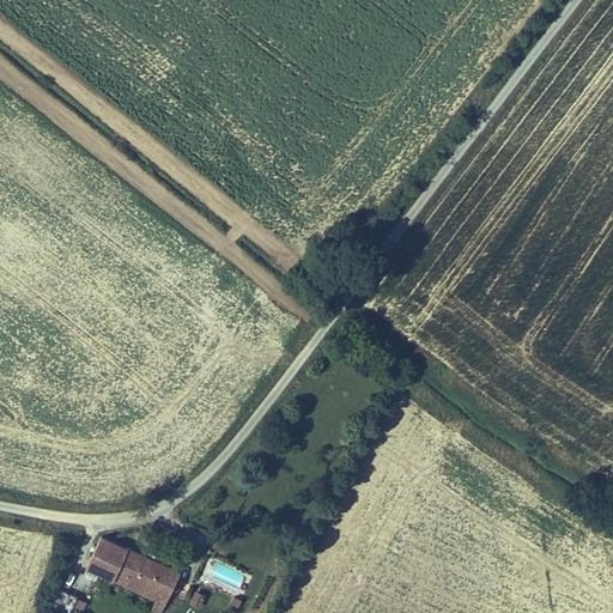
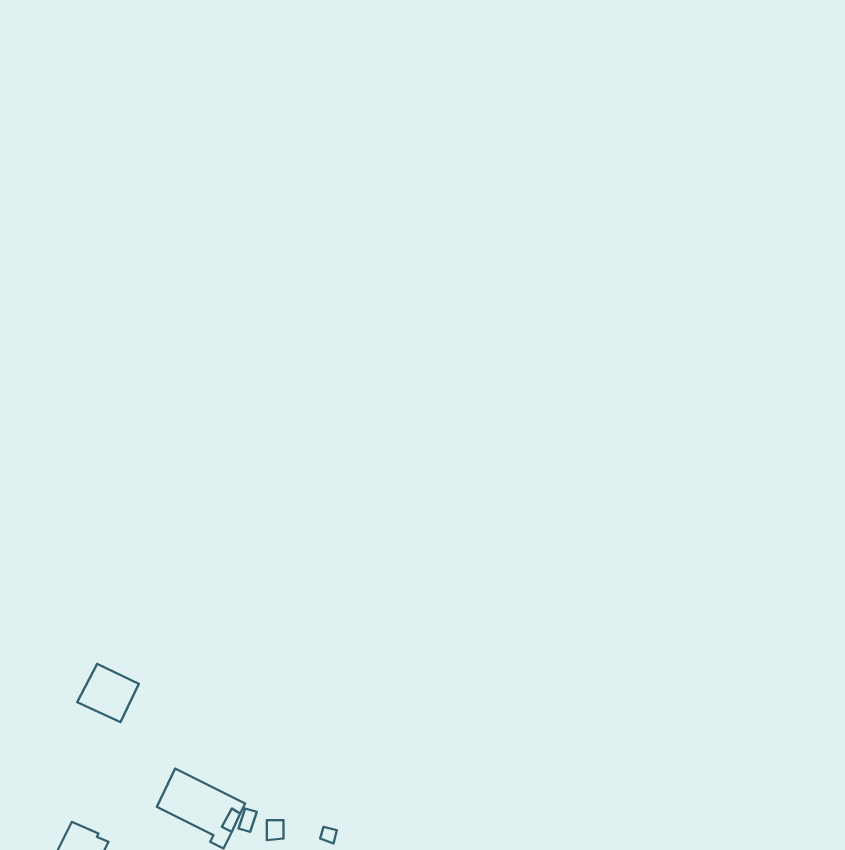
building: [86,539,131,581] -> [77,664,139,722]

